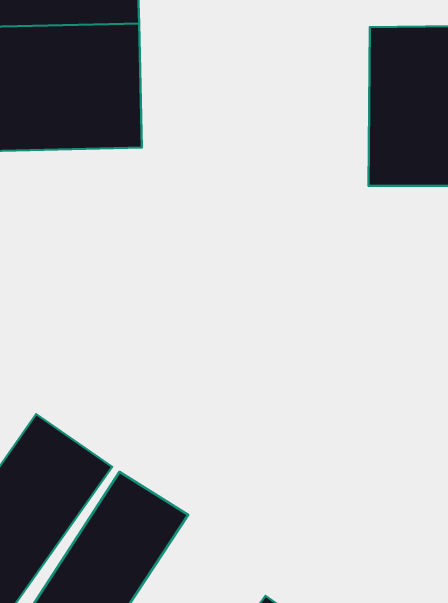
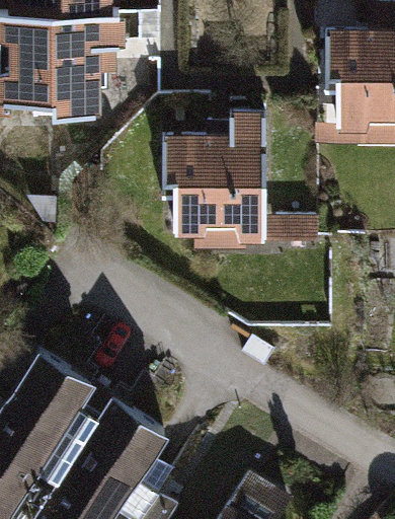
building: none -> [172,134,290,254]

